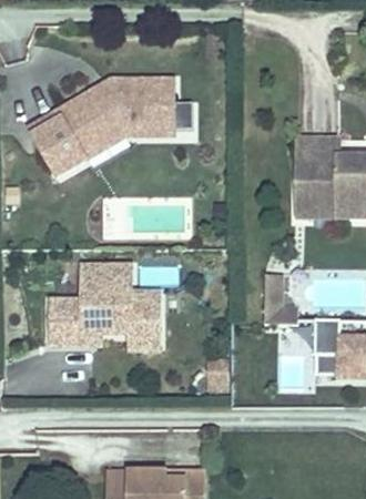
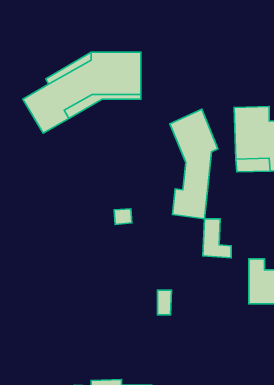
building: none -> [170,109,218,219]
building: [45,264,157,346] -> none

